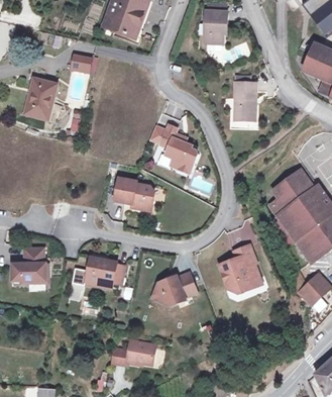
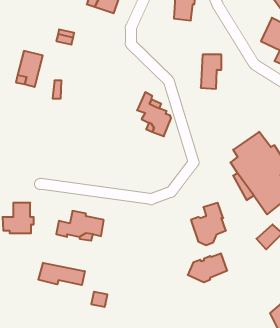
building: [116,178,157,210] -> none
building: [150,273,195,305] -> [188,253,227,282]
building: none -> [38,263,85,285]
building: [128,342,157,367] -> none

